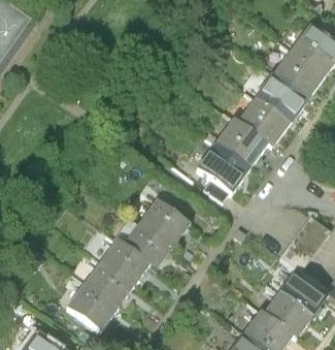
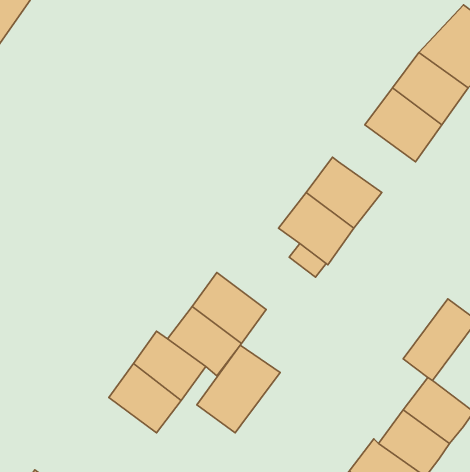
building: [236,101,288,150] -> none
building: none -> [197,345,280,433]
building: [66,284,114,329] -> none

